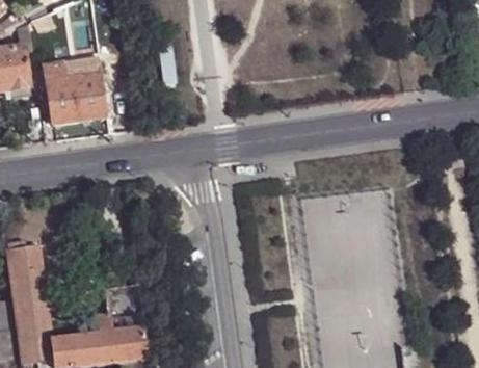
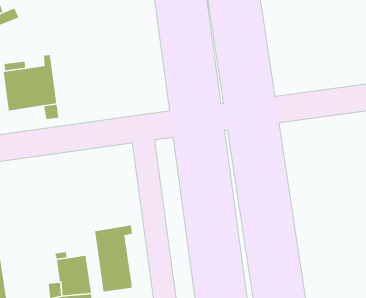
building: none -> [94,225,133,292]

